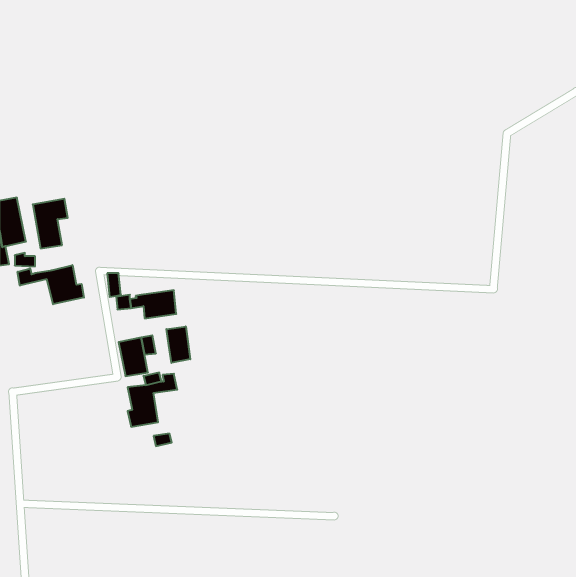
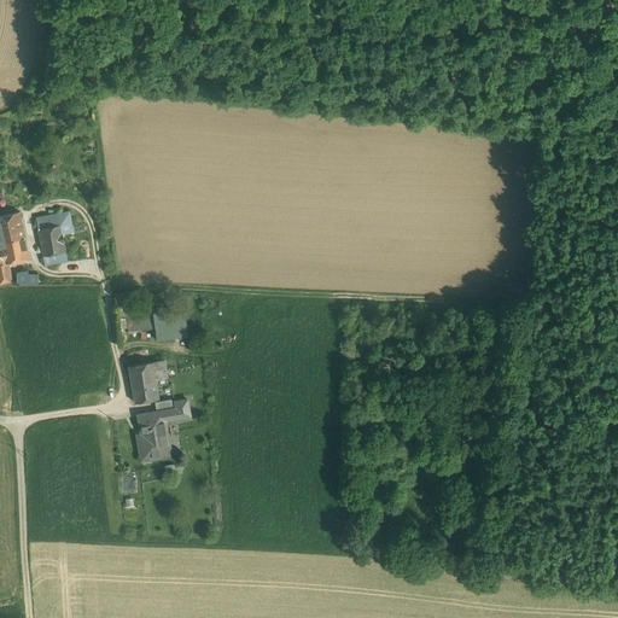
building: [18,265,84,304] -> none
building: [166,326,190,363] -> none

